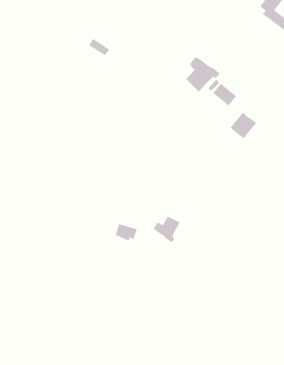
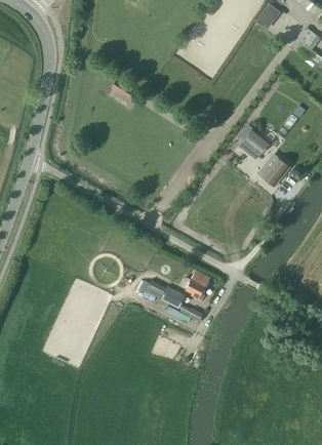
building: [185,57,221,93] -> none
building: none -> [159,285,200,321]

